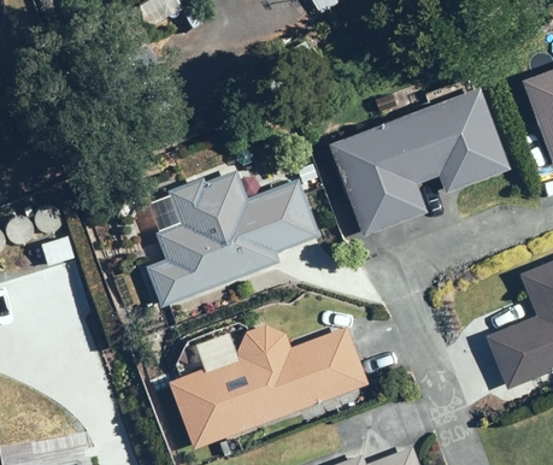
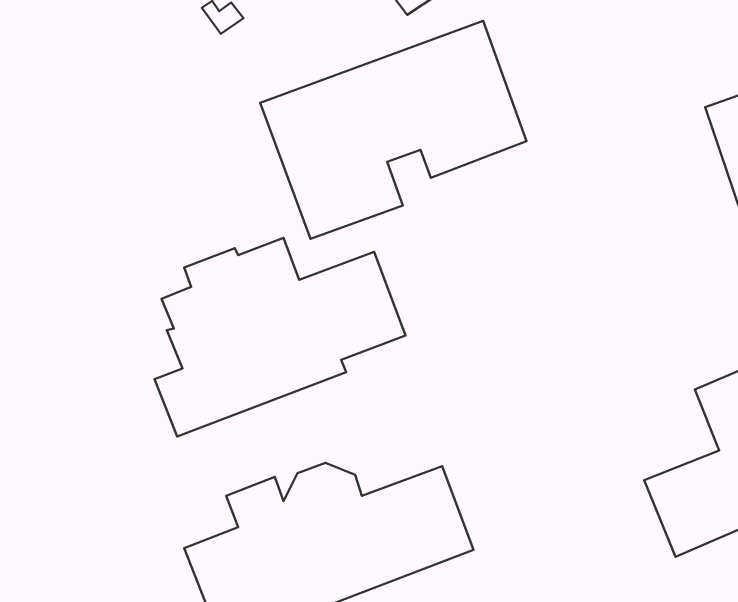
building: [330,86,514,236] -> [260,21,527,239]

